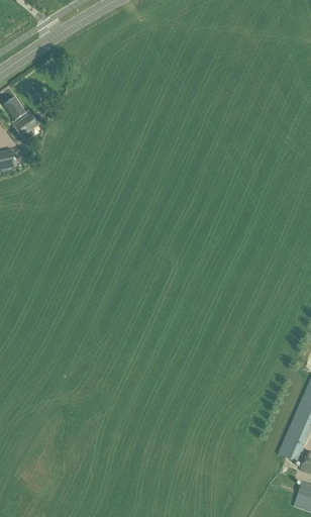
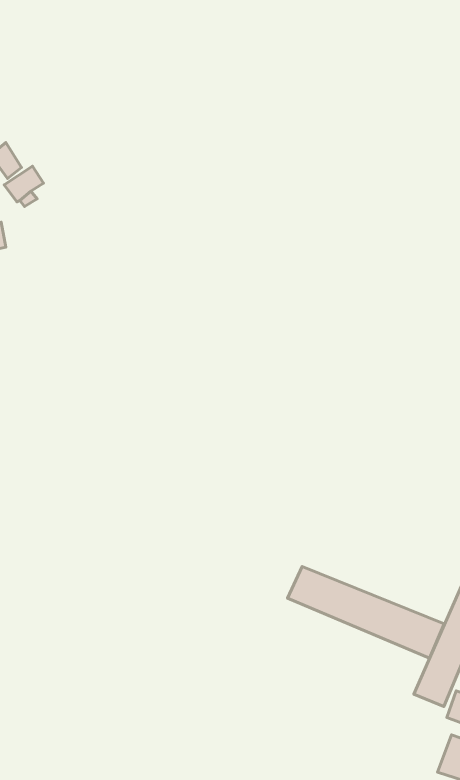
building: none -> [288,566,444,658]

